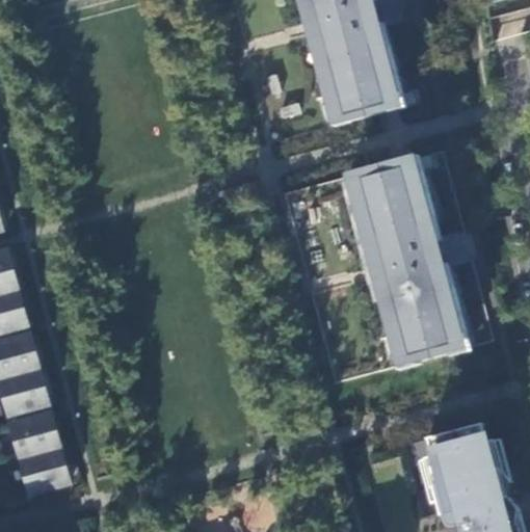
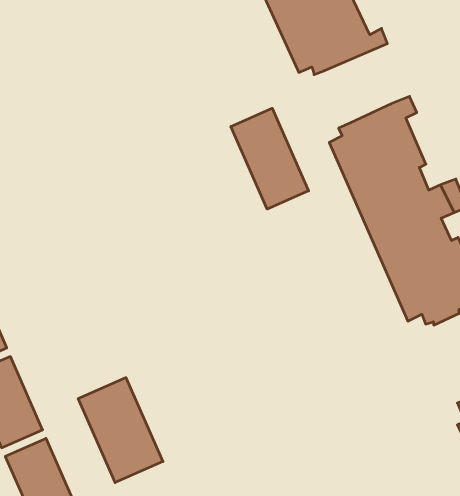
building: none -> [231,108,309,209]
building: none -> [78,378,163,483]

